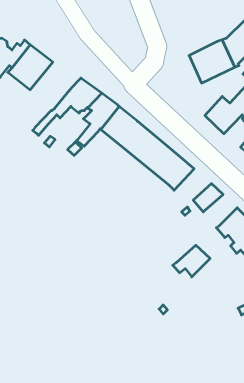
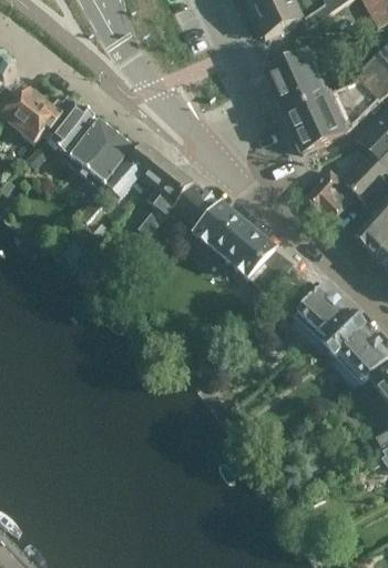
building: none -> [267,54,325,115]
building: none -> [75,124,134,185]
building: [173,245,210,277] -> [302,301,351,343]

